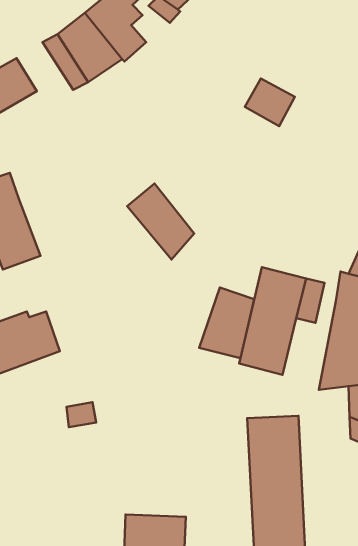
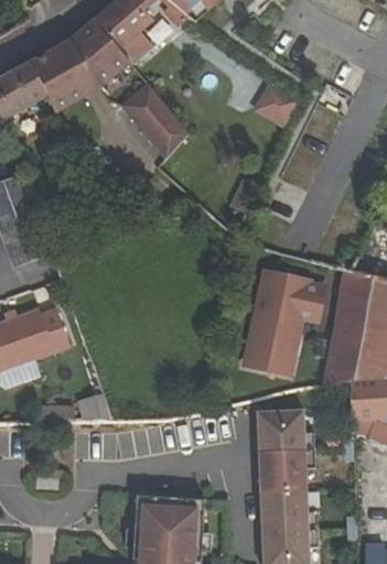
building: none -> [30,47,85,113]
building: [127,183,194,260] -> [125,85,190,159]
building: [199,288,254,358] -> none

